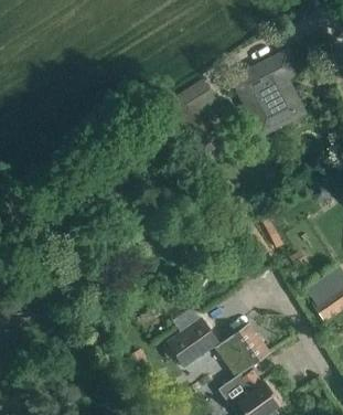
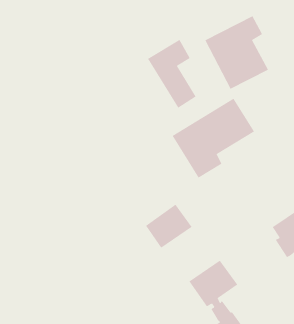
building: none -> [172,98,255,178]
building: [167,317,219,366] -> [145,204,193,248]

